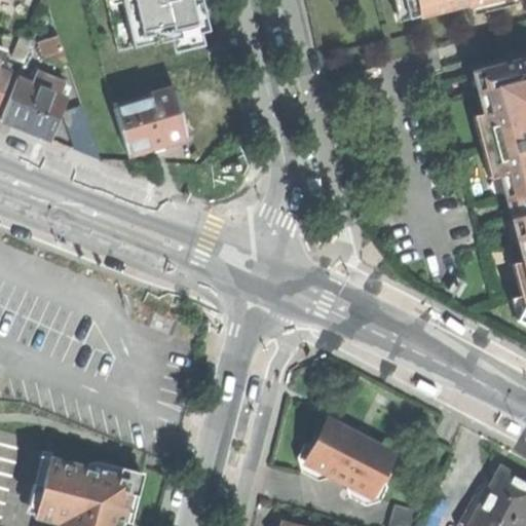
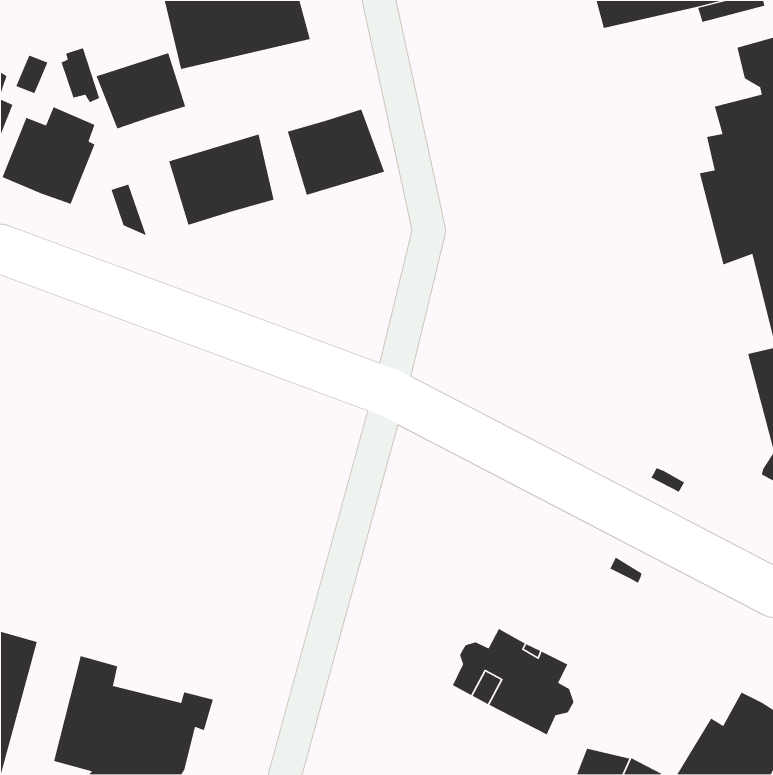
building: none -> [96,52,186,129]
building: none -> [287,108,385,196]

